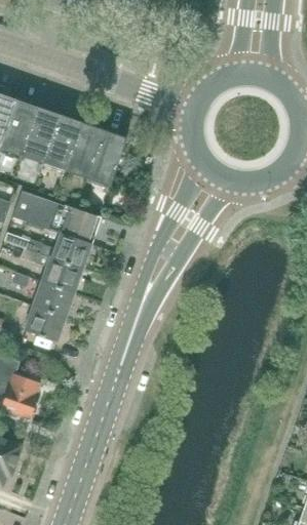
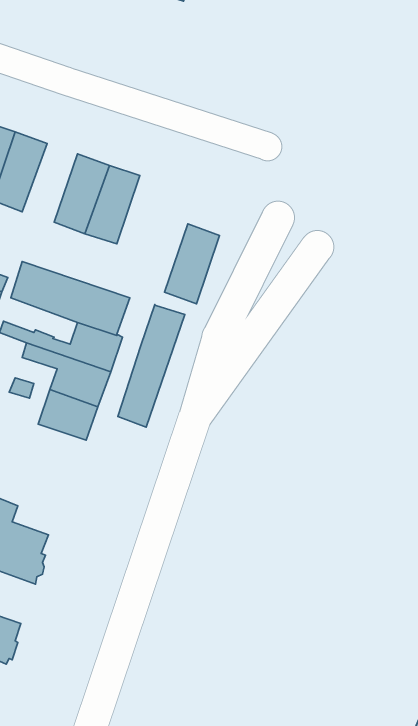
building: [21,107,60,162] -> none
building: [87,129,126,186] -> [164,224,220,304]
building: none -> [118,305,185,427]
building: [24,305,66,341] -> none

